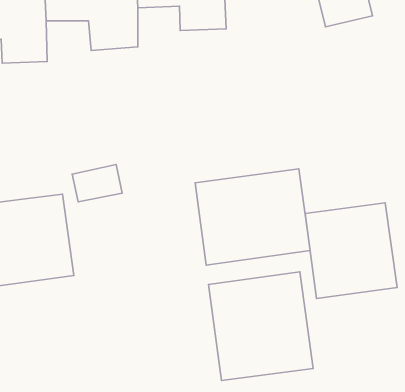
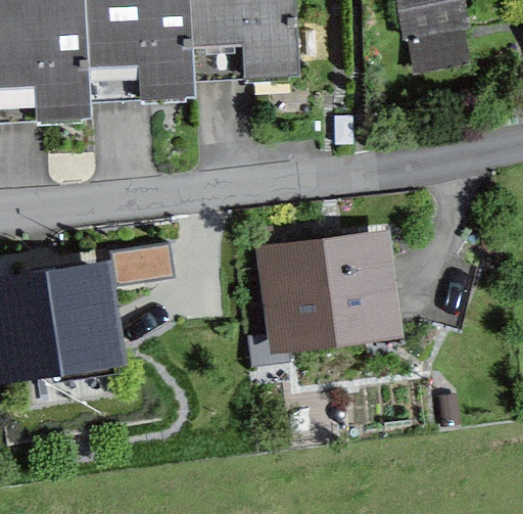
building: [305,203,397,299] -> none
building: [209,272,313,380] -> none

